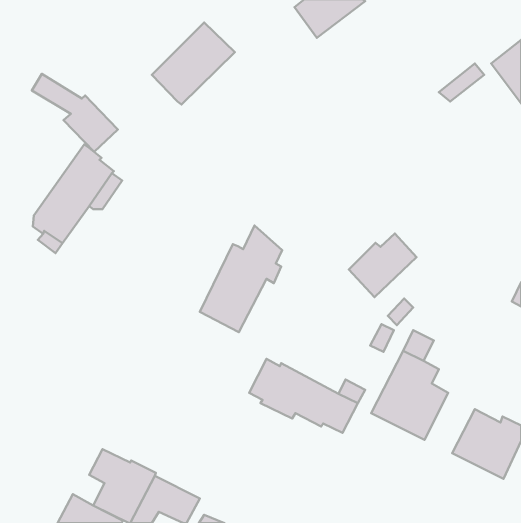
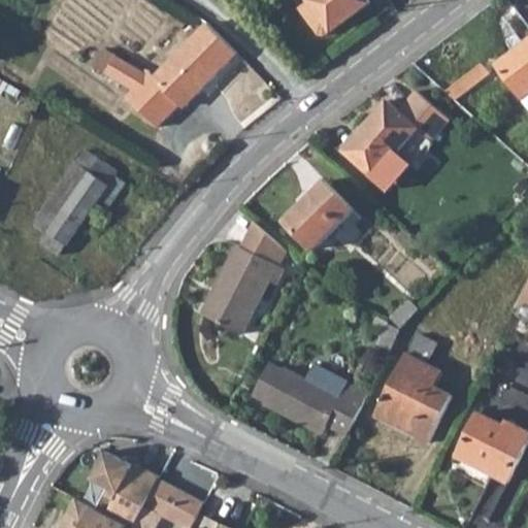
building: [32,74,118,152] -> [92,46,178,125]
building: none -> [345,92,449,191]
building: [349,234,417,297] -> [284,186,352,250]

